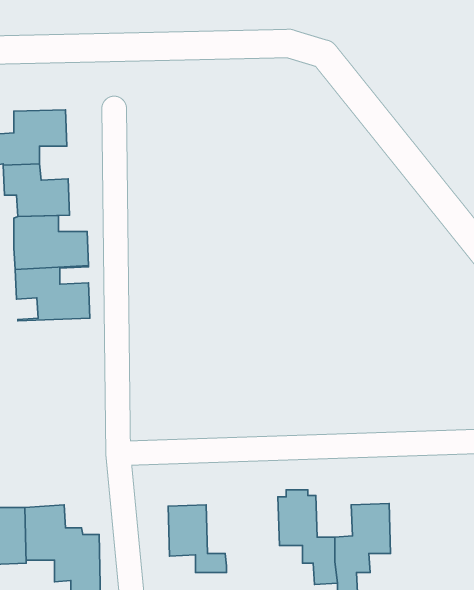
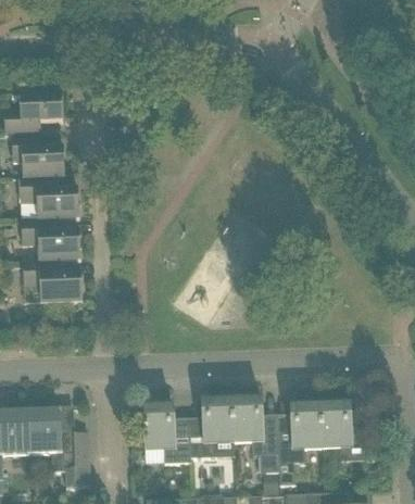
building: none -> [23,257,83,302]
building: none -> [188,396,234,456]
building: none -> [320,405,367,459]

